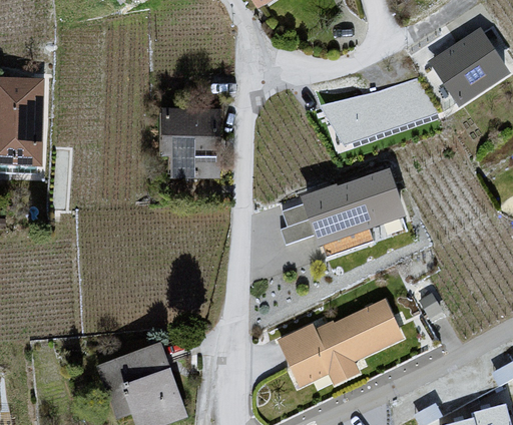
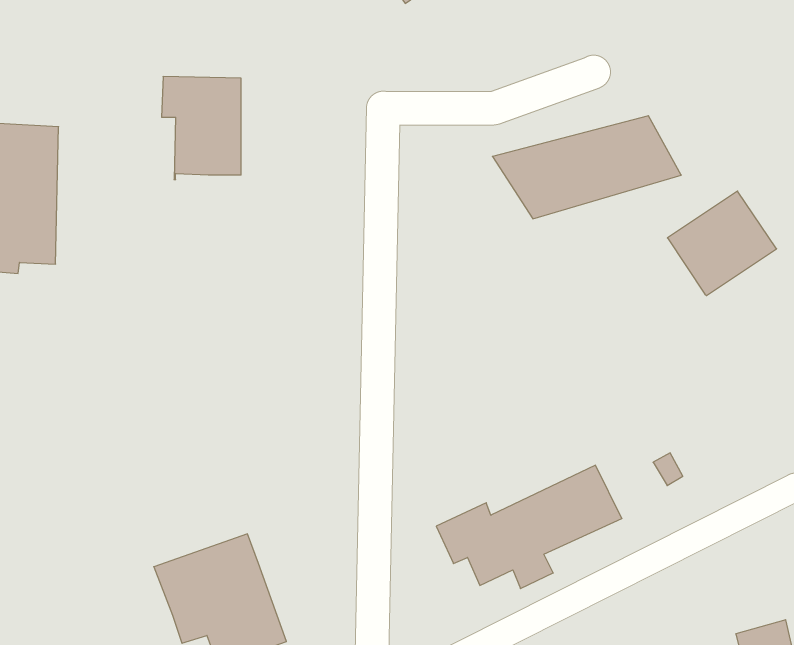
building: [435,32,505,99] -> [667,191,777,296]
building: [166,111,217,177] -> [162,77,241,180]
building: [281,172,402,256] -> none

